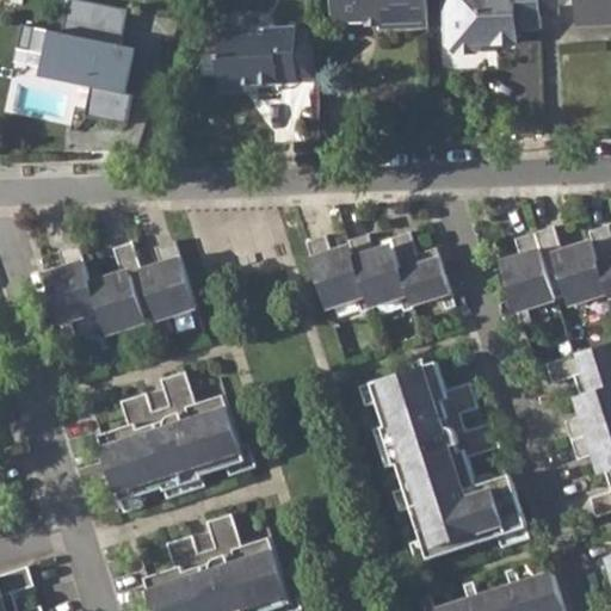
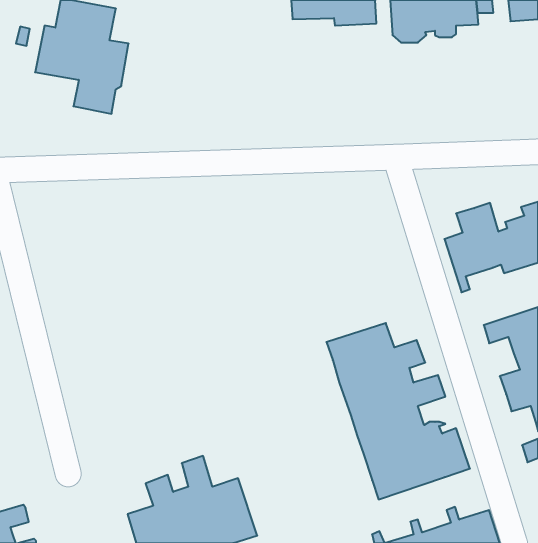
building: [214,27,316,93] -> none
building: [302,233,452,314] -> none
building: [43,242,192,340] -> none
building: [97,370,242,499] -> none

